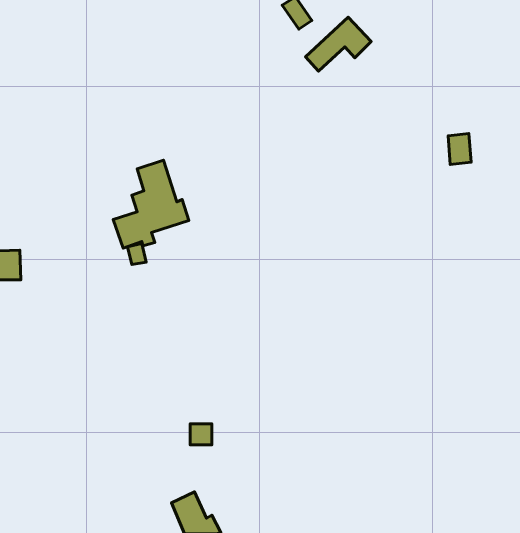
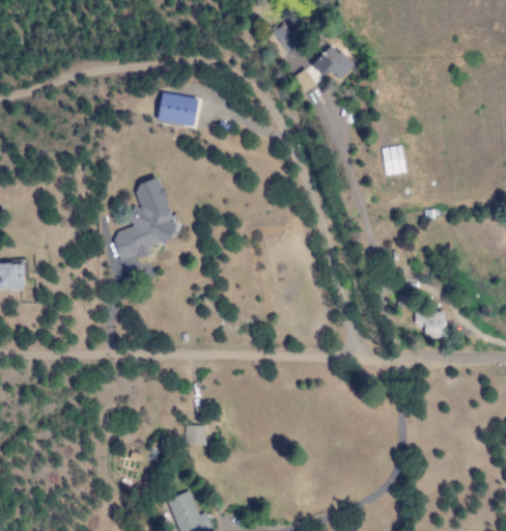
building: none -> [159,93,198,125]
building: [448,134,471,164] -> [383,145,404,174]
building: none -> [415,311,446,337]

